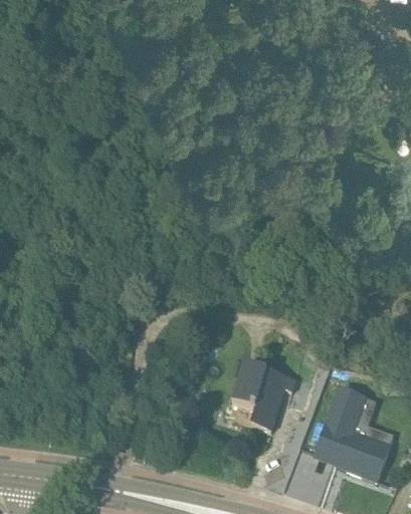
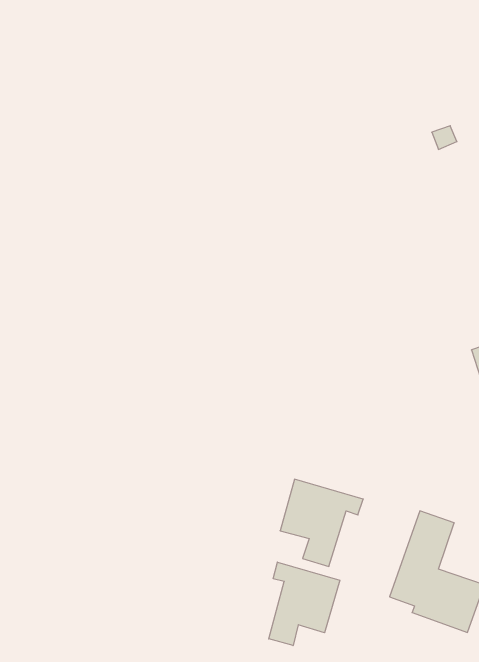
building: none -> [269,562,340,646]

